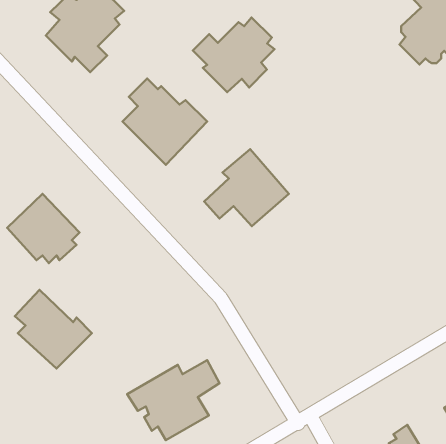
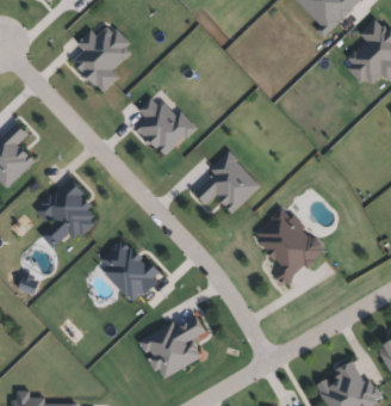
building: [193,17,274,92] -> none
building: none -> [247,201,327,284]
building: [15,290,92,368] -> [100,239,160,300]

